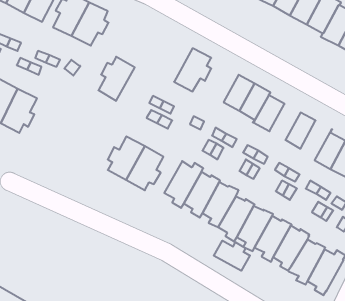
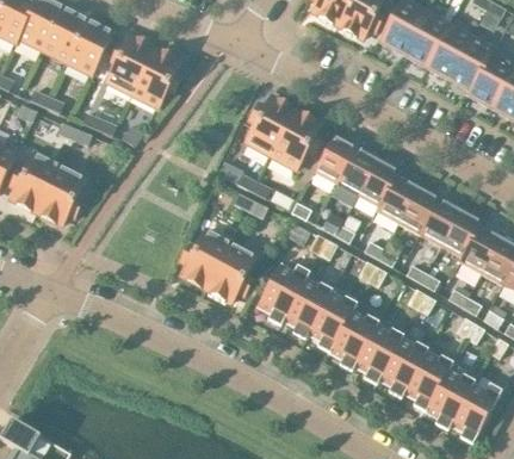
building: [98,57,135,101] -> [246,95,295,155]
building: none -> [314,134,357,182]
building: none -> [398,185,440,234]
building: none -> [440,207,482,261]
building: [214,241,250,271] -> none

